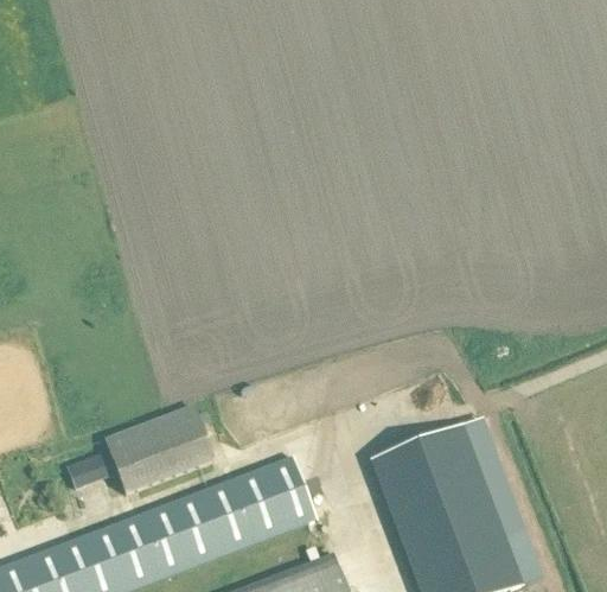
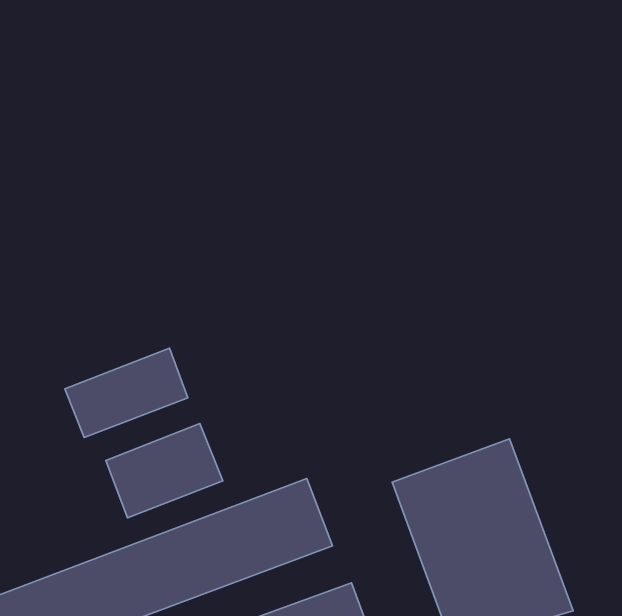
building: none -> [65,348,188,438]
building: [69,454,115,491] -> none

